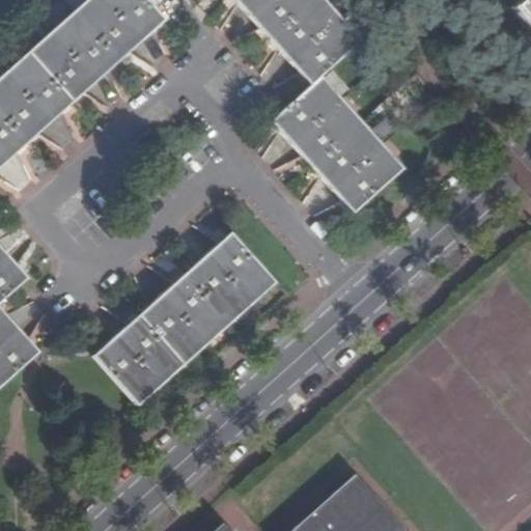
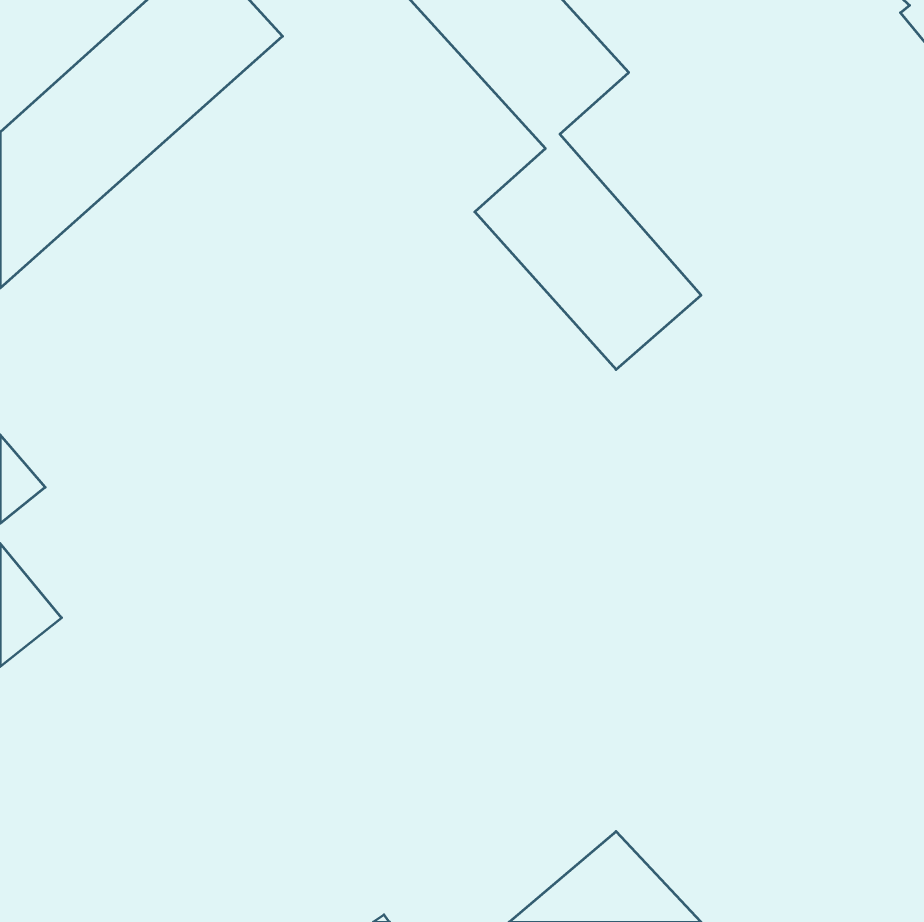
building: [93,235,272,406] -> none

